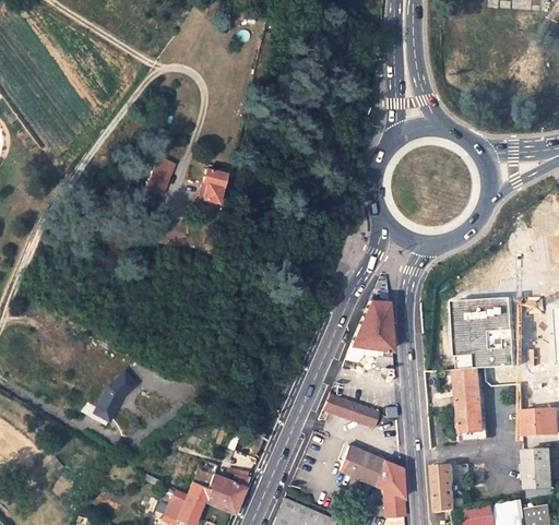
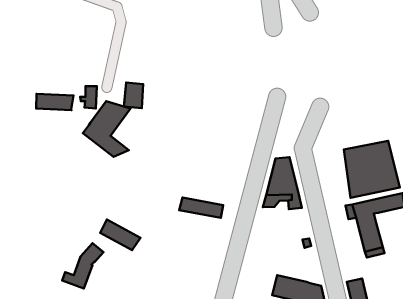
building: none -> [36,94,73,110]
building: none -> [83,101,131,157]
building: none -> [100,220,141,250]
building: [322,394,378,427] -> [179,197,223,218]

